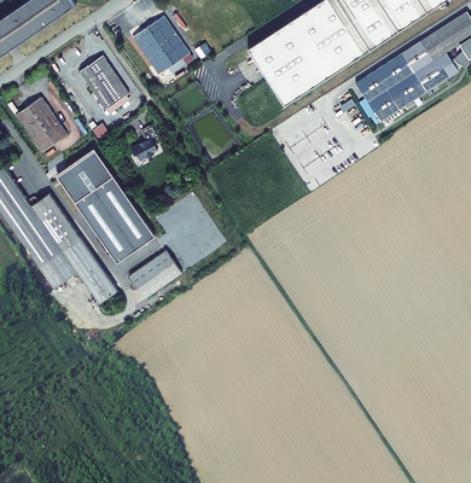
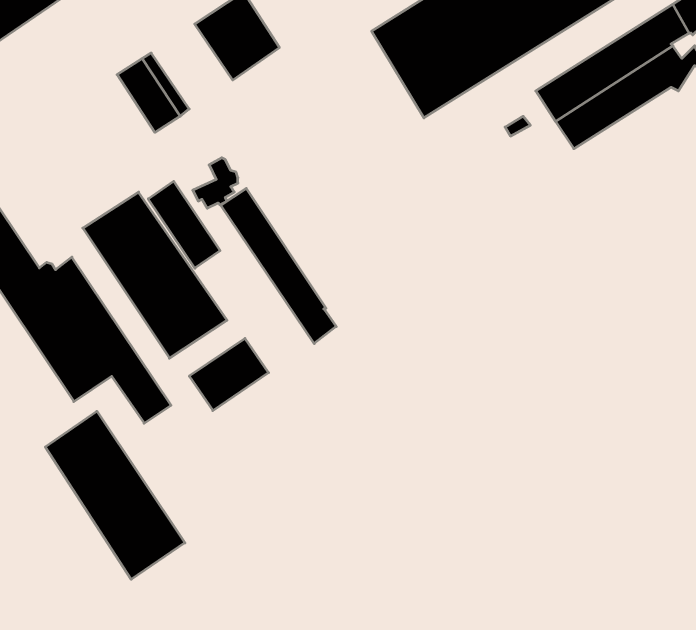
building: [16,98,68,153] -> none
building: none -> [148,181,220,268]
building: none -> [221,188,336,344]
building: none -> [45,411,185,579]

